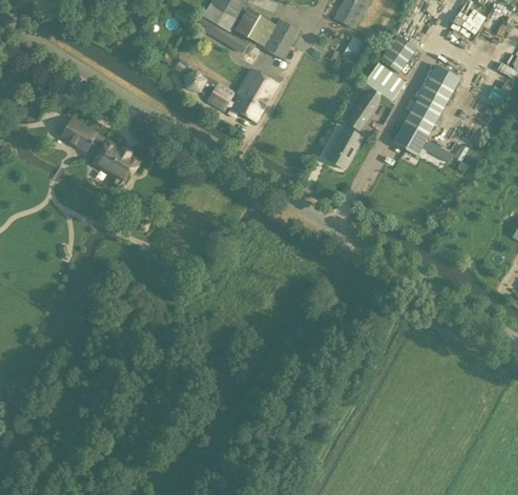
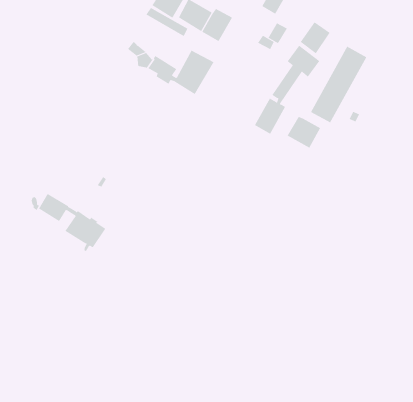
building: [59,117,140,188] -> [38,193,106,252]
building: none -> [287,116,321,149]

